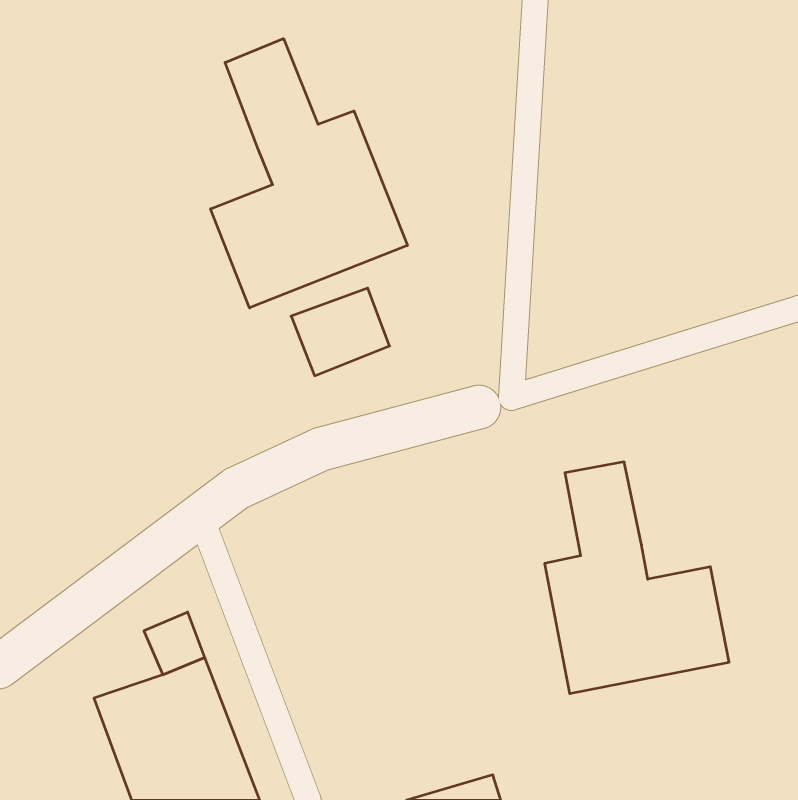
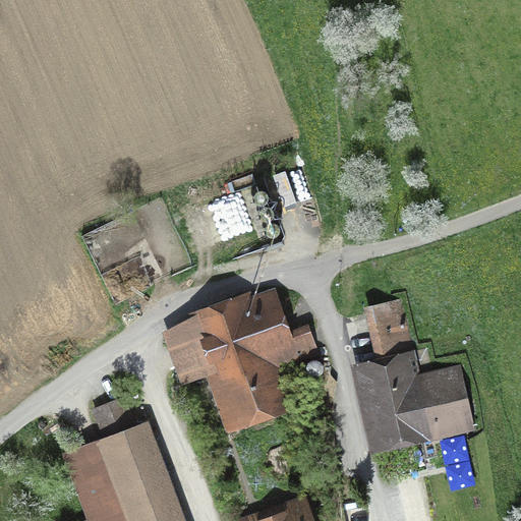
building: [211,39,407,308] -> none
building: none -> [161,290,317,432]

